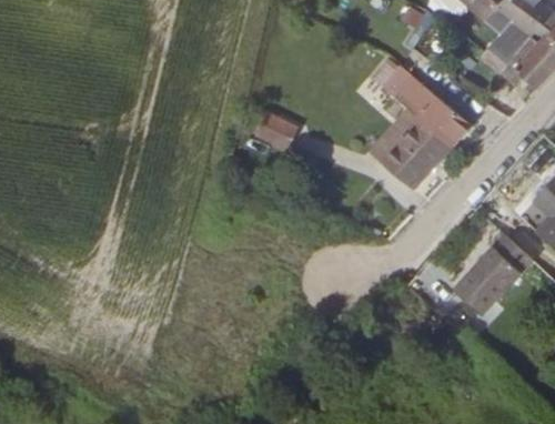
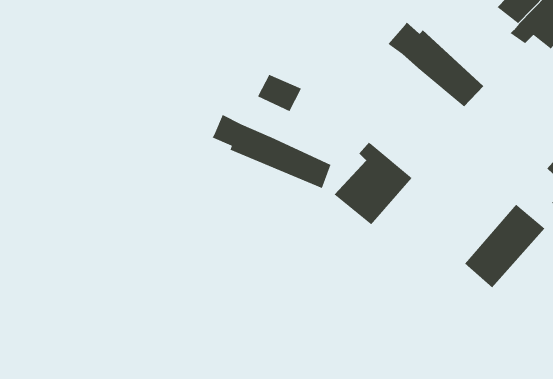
building: [377,110,452,189] -> [334,142,413,225]
building: none -> [212,114,331,189]

